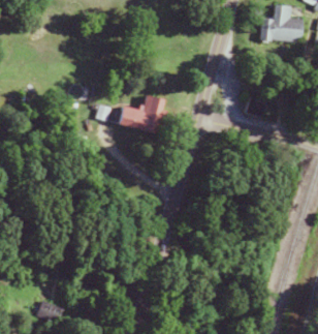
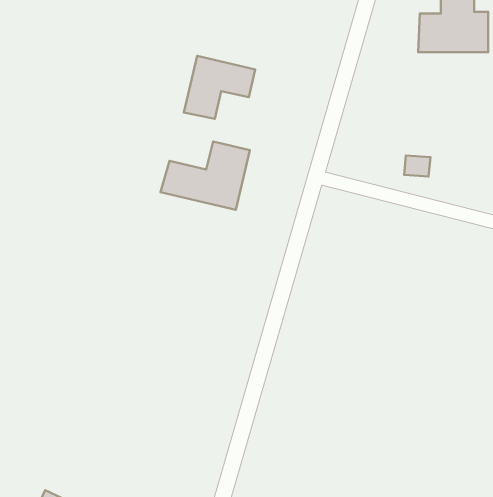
building: none -> [184,56,255,119]

